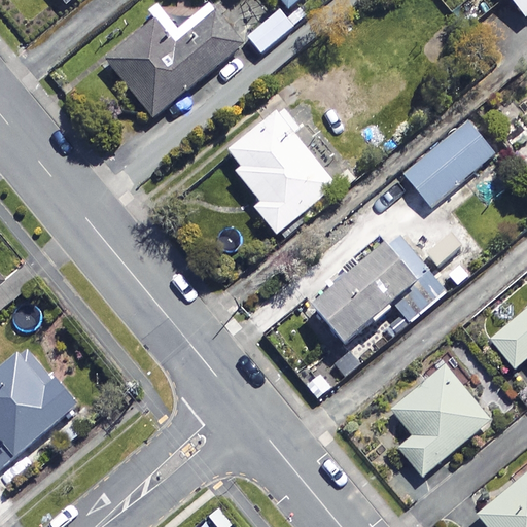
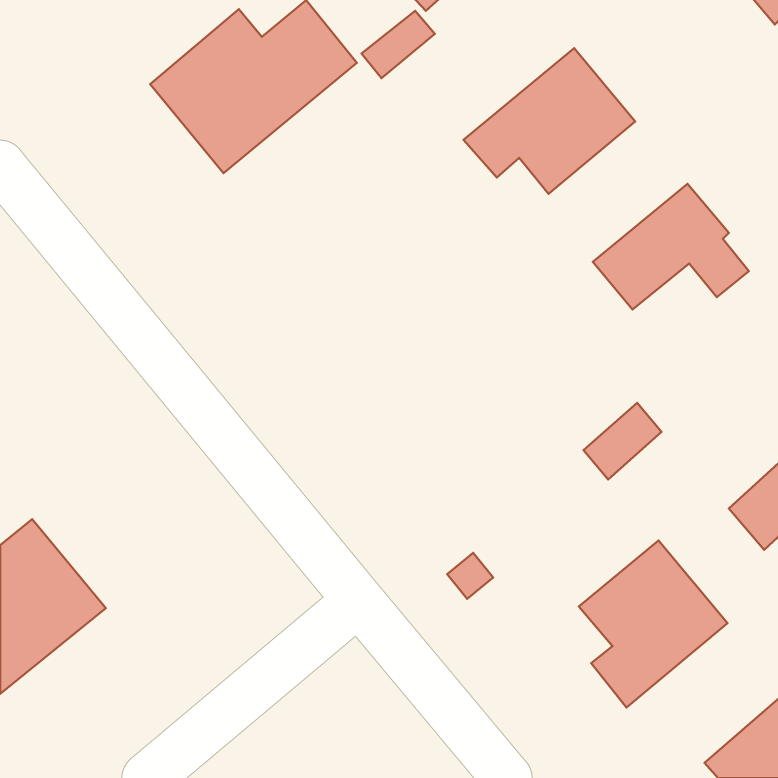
building: none -> [464,48,635,194]
building: [221,106,337,234] -> none
building: [308,241,412,342] -> none

